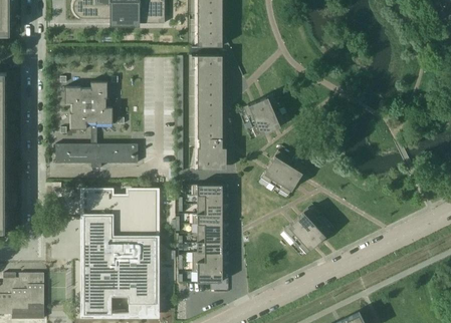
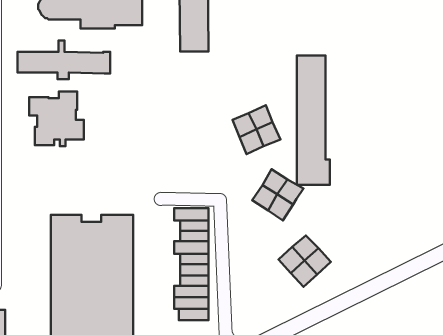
building: [198,56,227,170] -> [297,56,330,185]
building: [56,134,138,169] -> [17,40,110,79]

